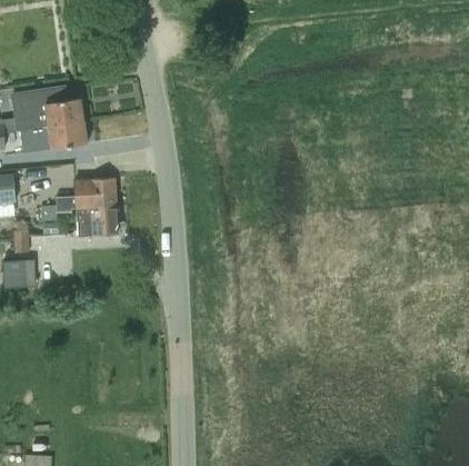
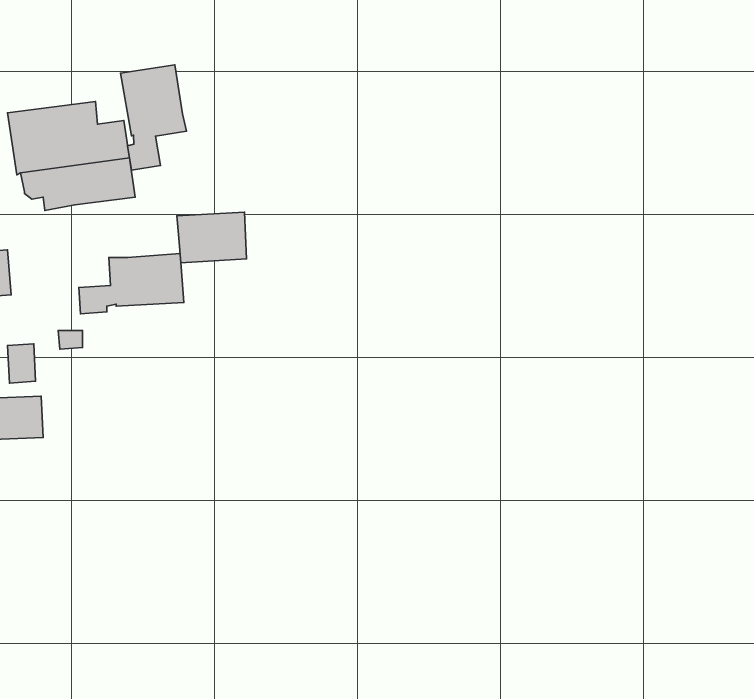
building: none -> [121,65,187,170]
building: [77,206,118,236] -> [177,212,246,263]

